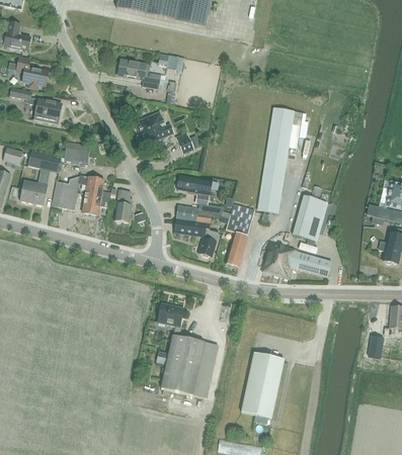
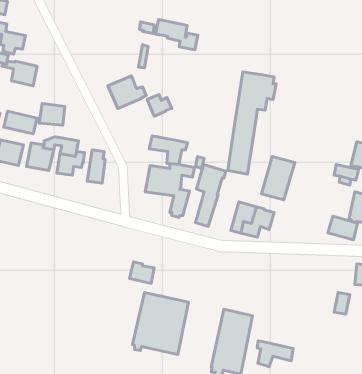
building: [117,58,161,89] -> [156,19,198,50]
building: [301,253,331,277] -> [328,216,357,240]
building: none -> [257,341,293,367]

